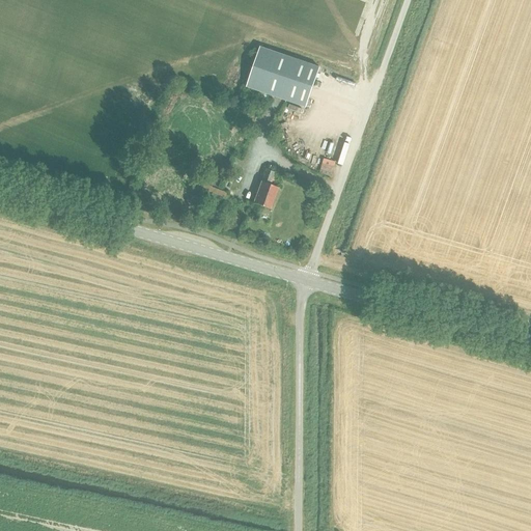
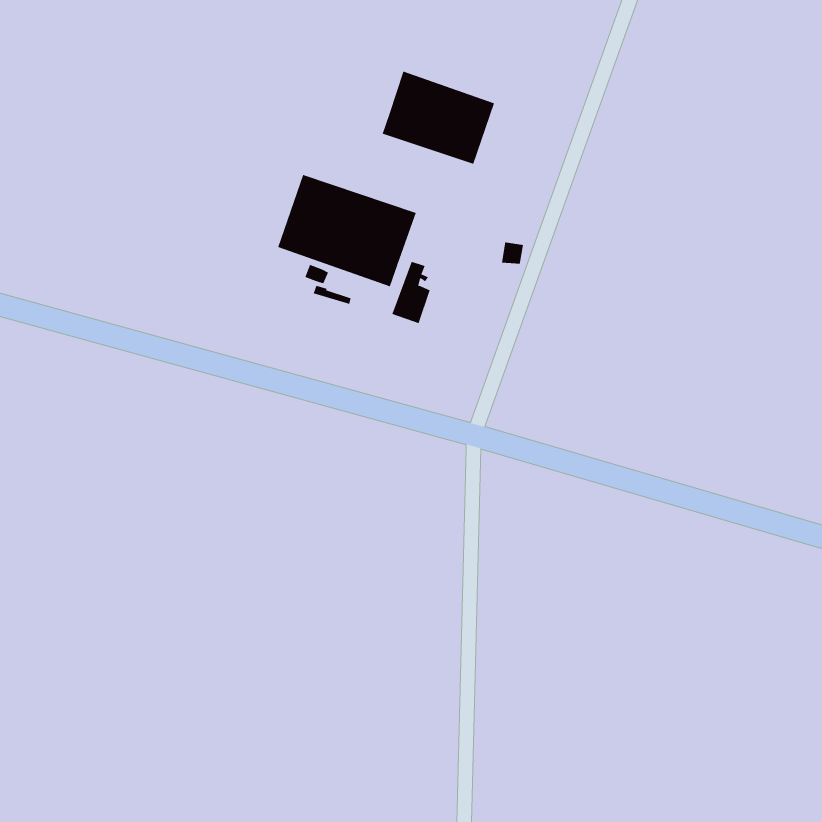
building: none -> [278,174,416,287]

